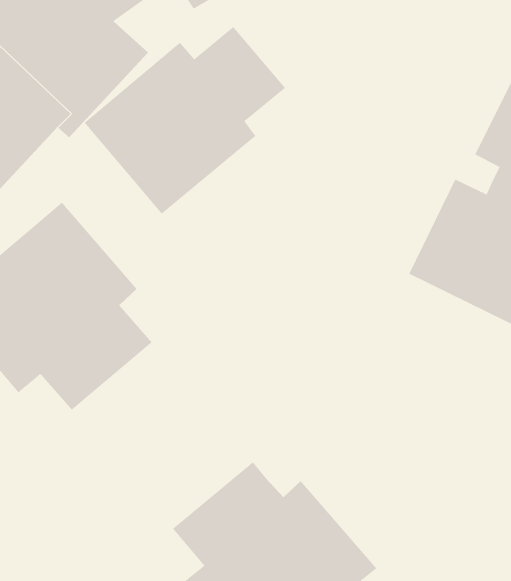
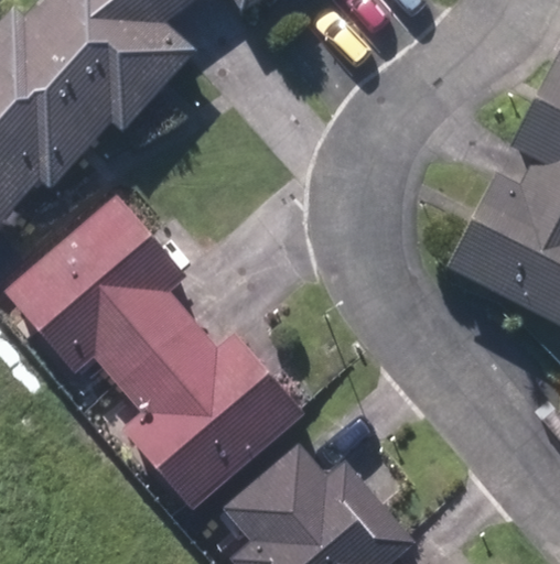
building: [84,26,286,215] -> none
building: none -> [121,328,305,512]

